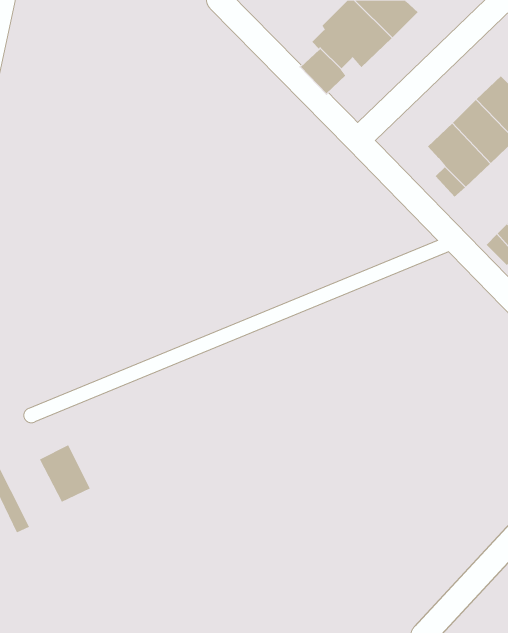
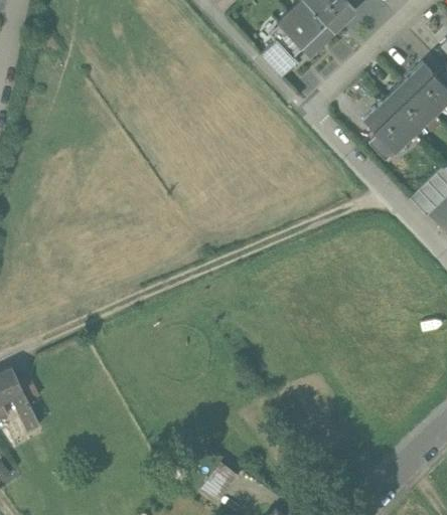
building: [39,444,91,503] -> none

